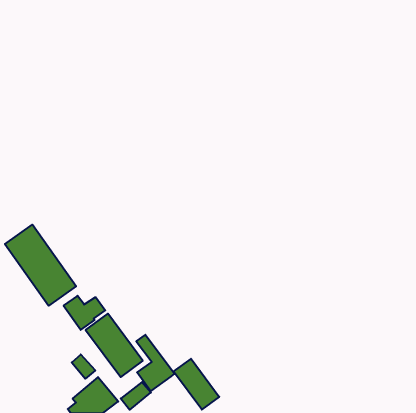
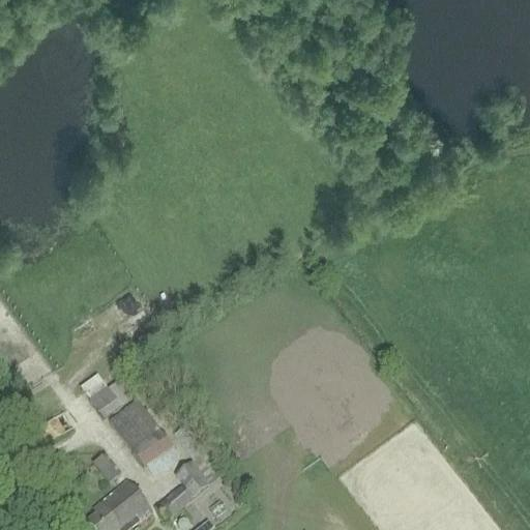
building: [5,225,76,306] -> none
building: [174,359,219,410] -> none

